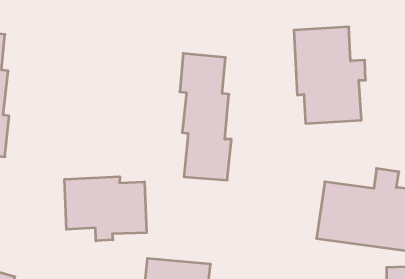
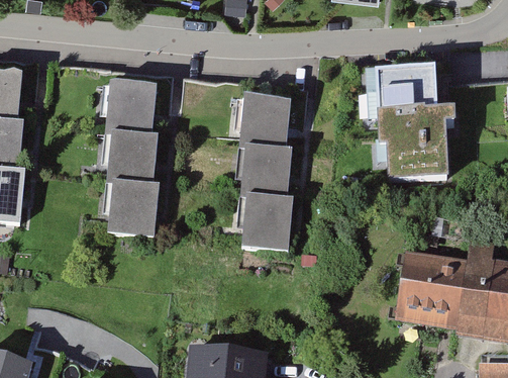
building: none -> [99,81,161,235]
building: [65,177,146,241] -> none

